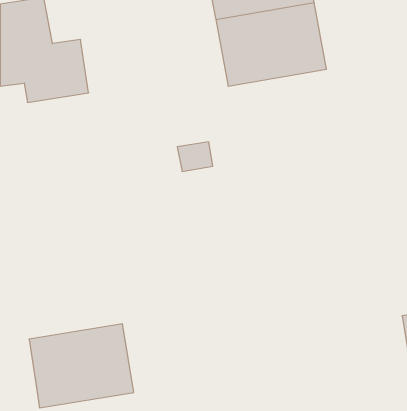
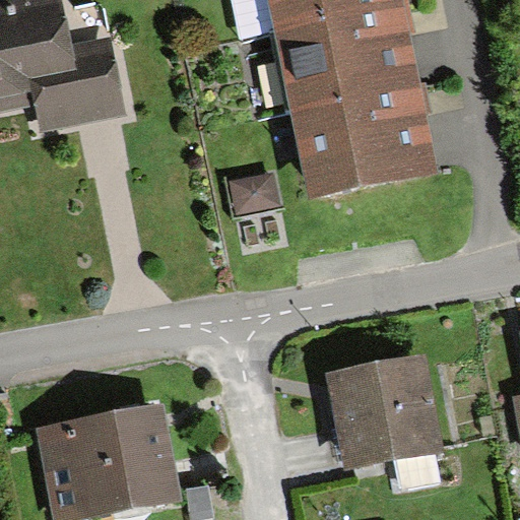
building: none -> [294,87,432,193]
building: none -> [333,360,436,463]

